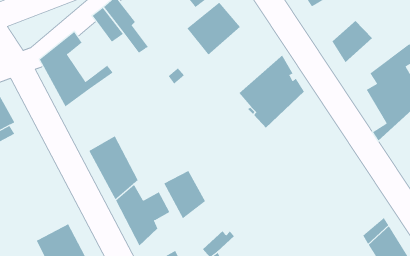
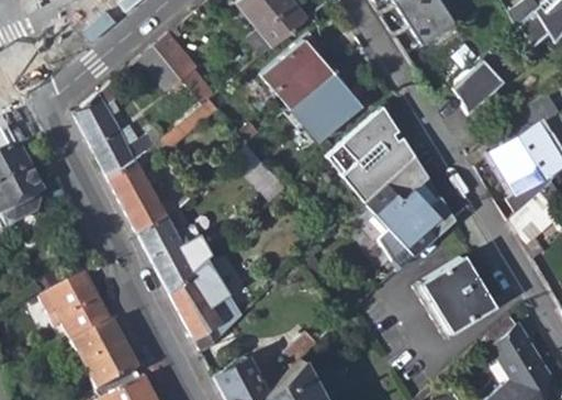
building: none -> [291,71,359,140]
building: none -> [109,151,172,230]
building: none -> [364,154,457,273]
building: [163,170,206,219] -> none
building: none -> [416,257,492,334]
building: none -> [42,275,113,343]

